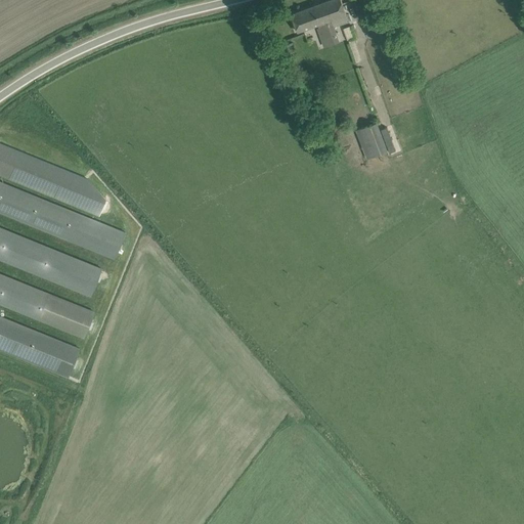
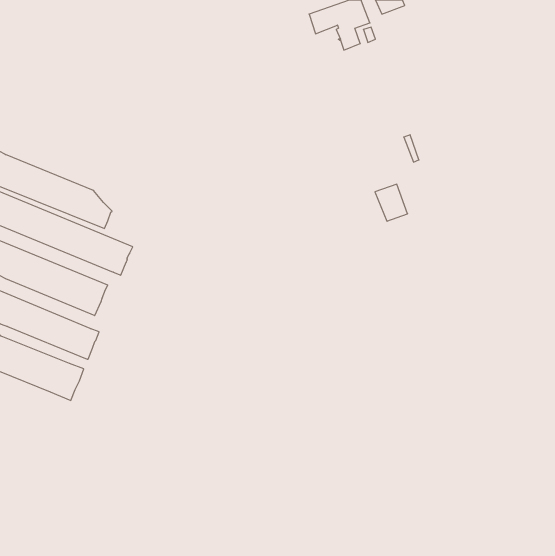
building: [355,123,386,158] -> [375,184,408,221]

